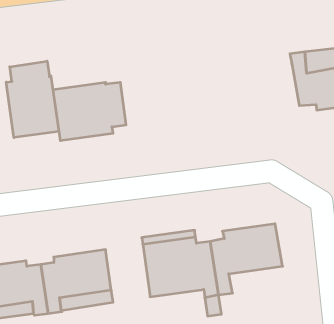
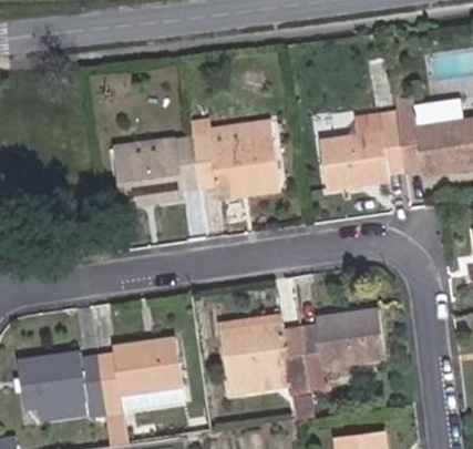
building: [6,61,59,138] -> none
building: none -> [322,115,407,186]
building: none -> [189,120,280,200]

